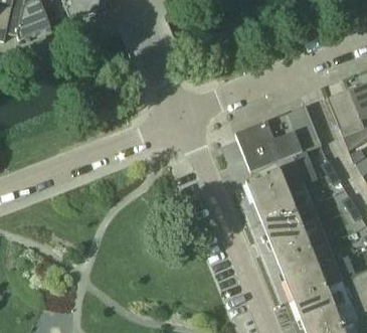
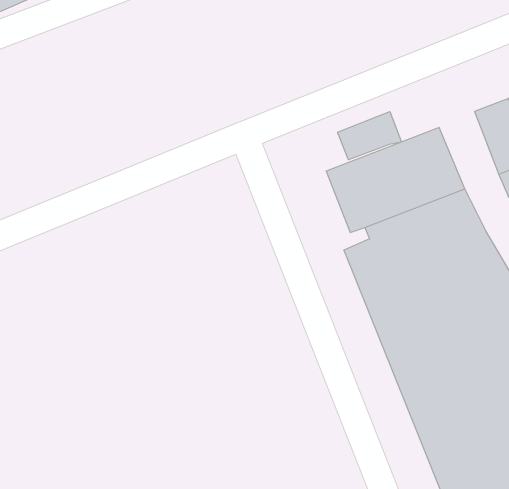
building: none -> [338,112,401,160]

